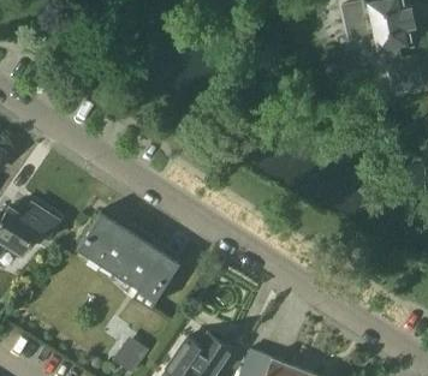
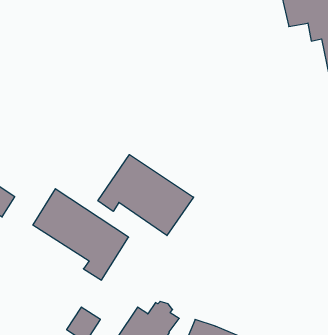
building: none -> [98,155,194,236]

